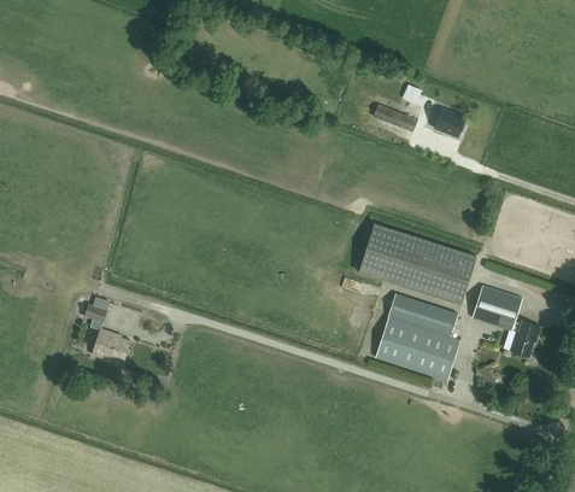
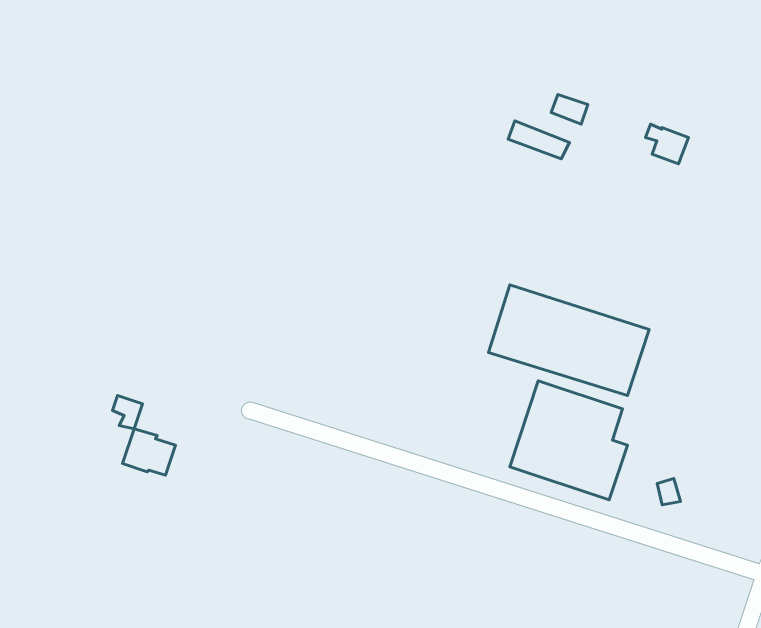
building: [432,109,463,137] -> [645,124,688,164]
building: [471,286,539,356] -> none

